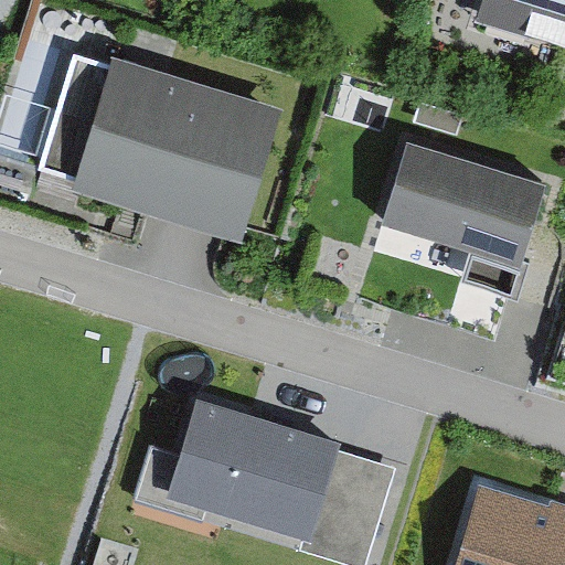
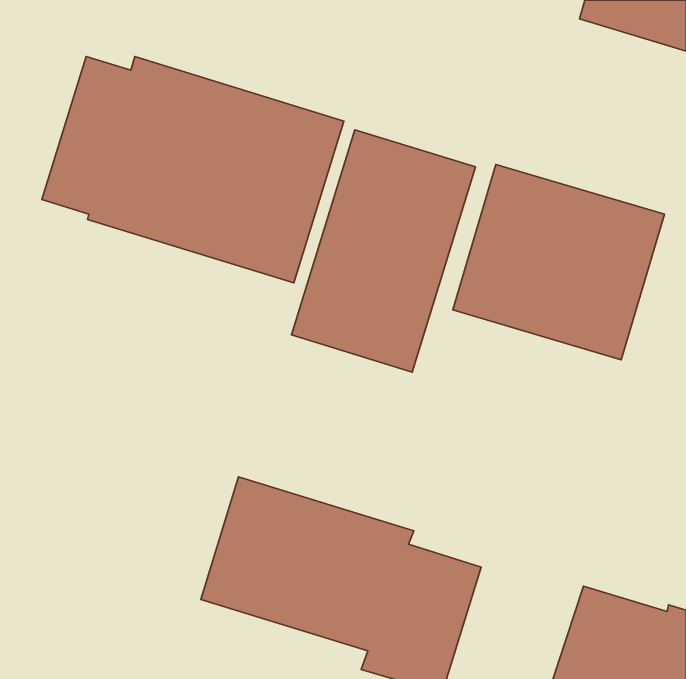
building: none -> [292,130,475,372]

